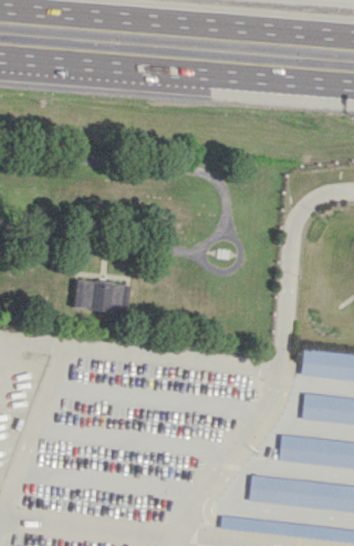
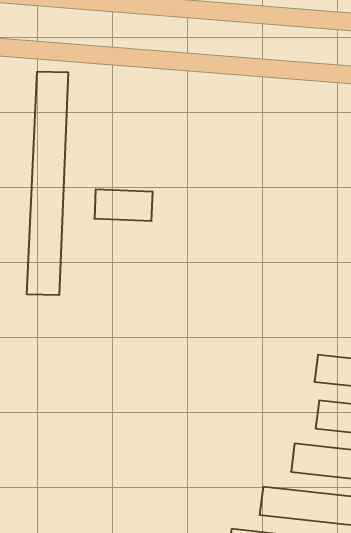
building: none -> [27,72,68,295]
building: [74,281,129,311] -> [94,189,153,221]

